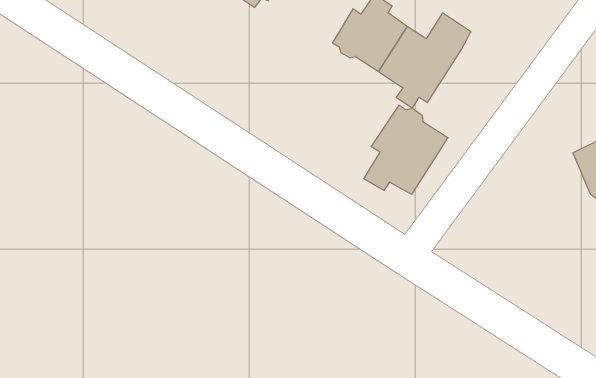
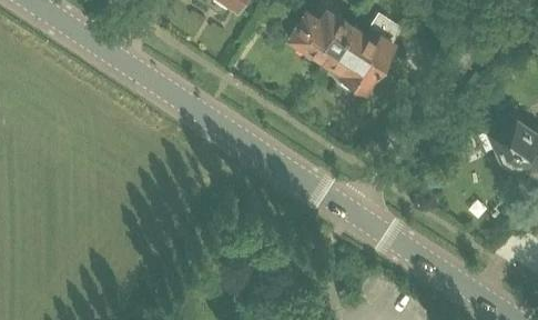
building: [364,105,448,194] -> none

